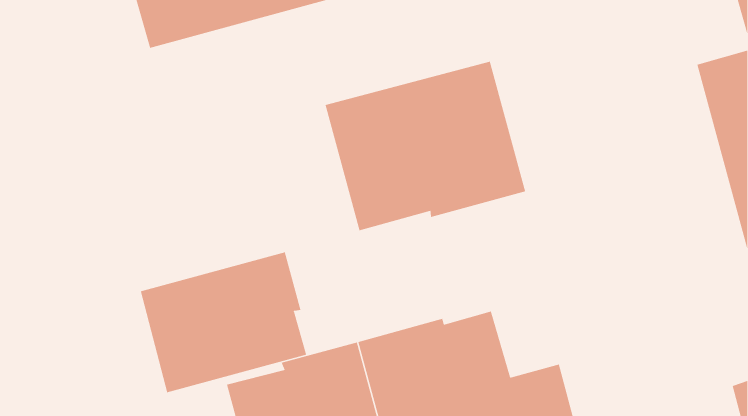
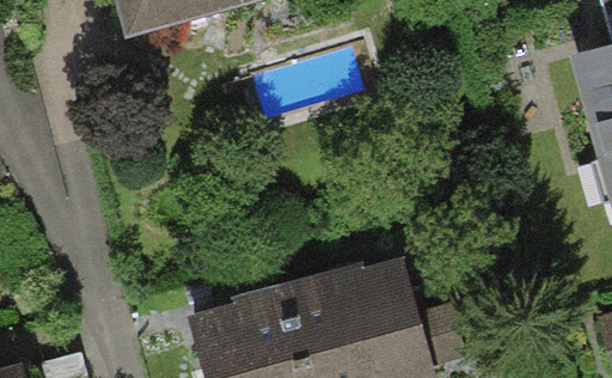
building: [325,61,526,231] -> none
building: [140,252,307,393] -> none

